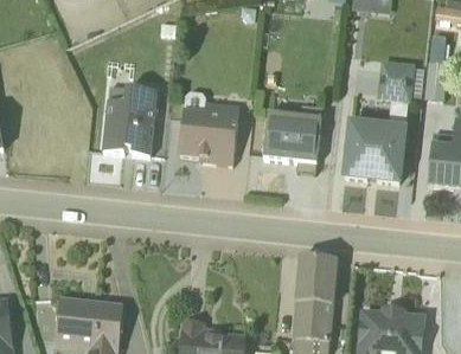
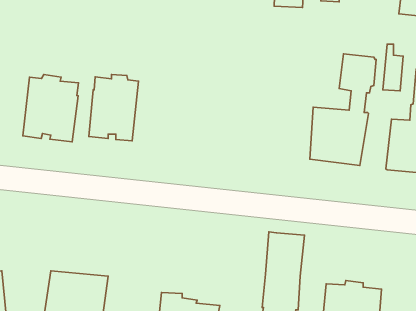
building: none -> [23,75,79,142]
building: [178,90,238,165] -> none
building: [263,105,321,172] -> none

